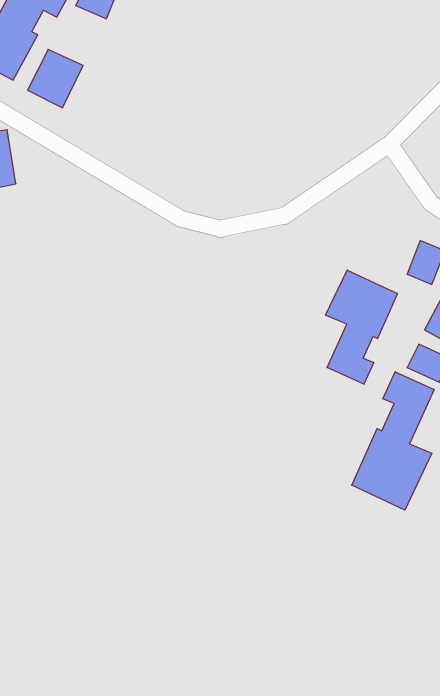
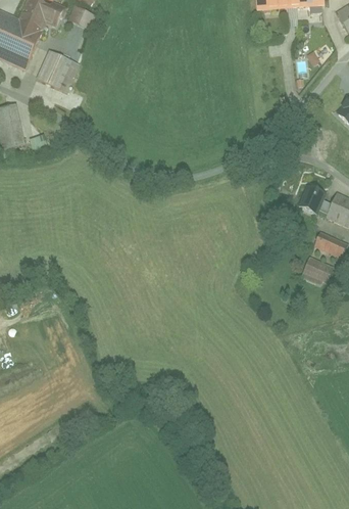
building: [326,270,397,384] -> none
building: [352,372,434,510] -> none

